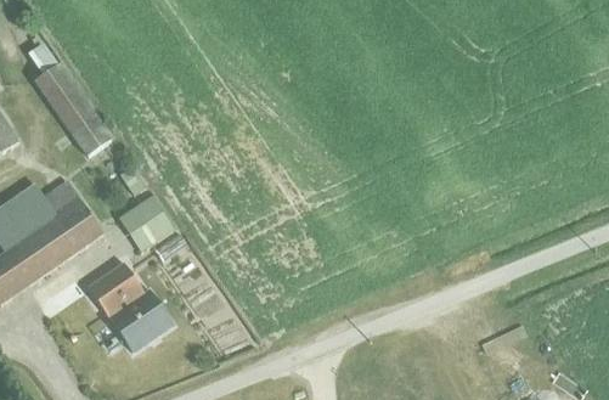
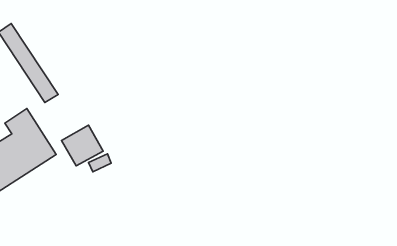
building: [83,271,169,357] -> none

